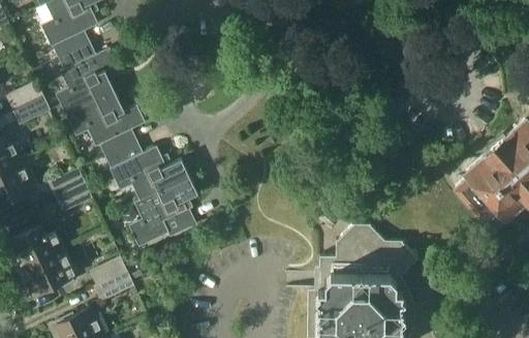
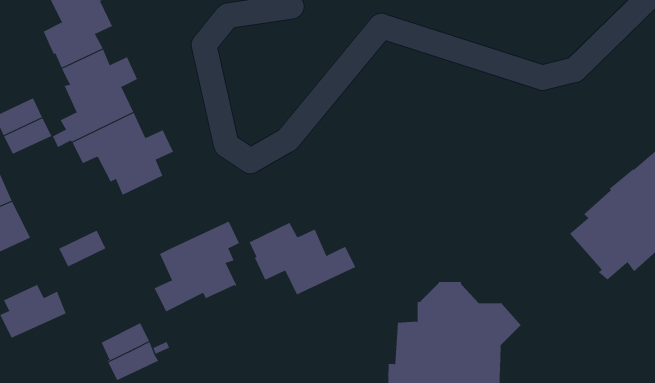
building: [105,142,189,198] -> [249,222,356,295]
building: [49,168,86,198] -> none
building: [19,249,75,294] -> none

